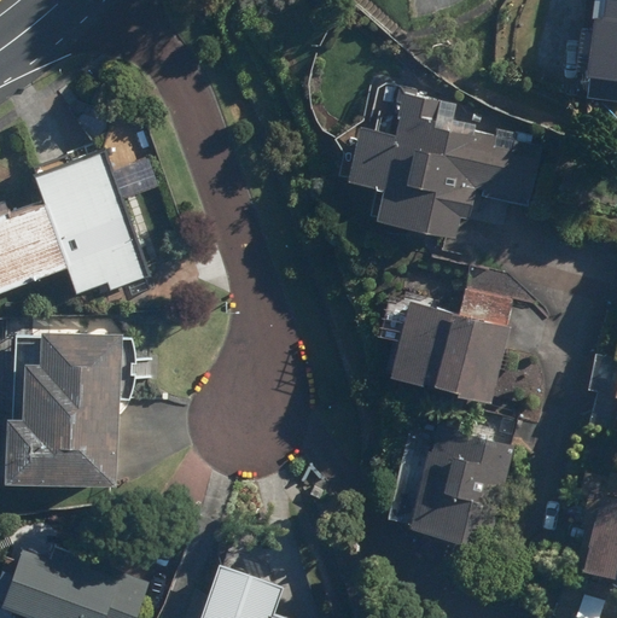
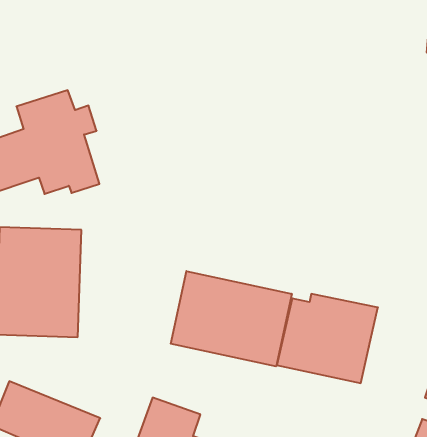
building: [344,89,539,237] -> none
building: [386,288,511,400] -> none
building: none -> [171,271,292,366]

